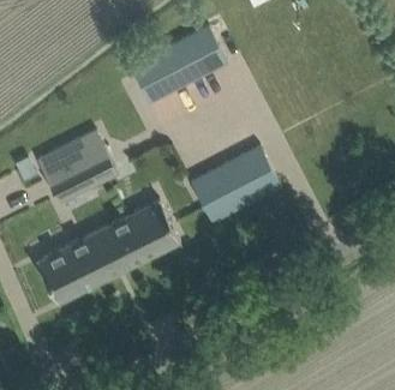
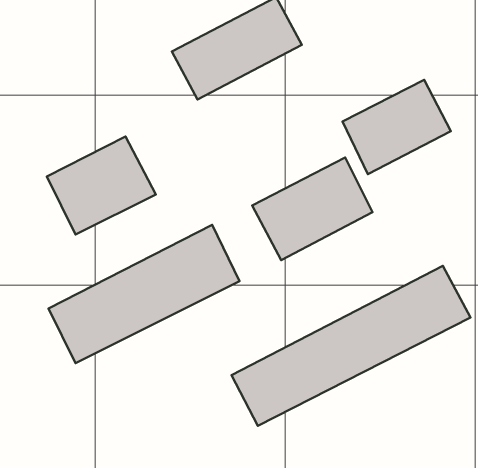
building: none -> [342,80,451,174]
building: none -> [232,266,470,426]

